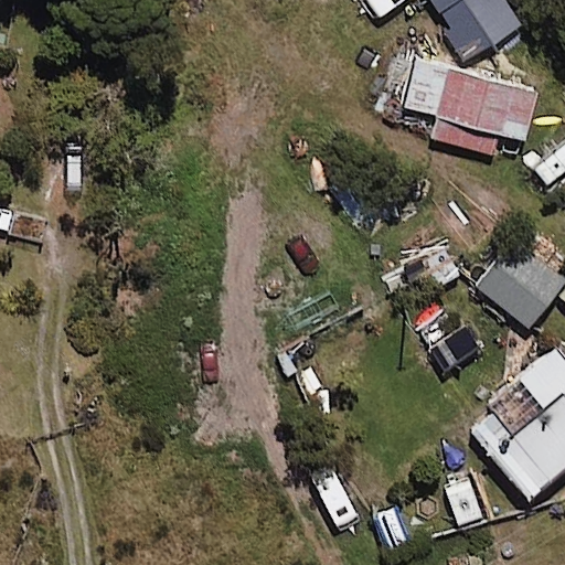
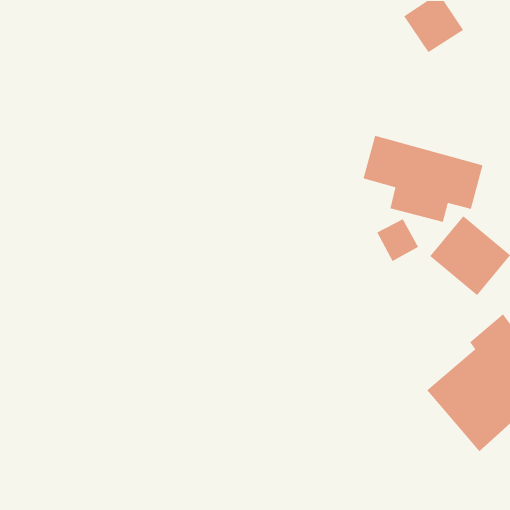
building: [403,57,536,154] -> [363,135,484,223]

